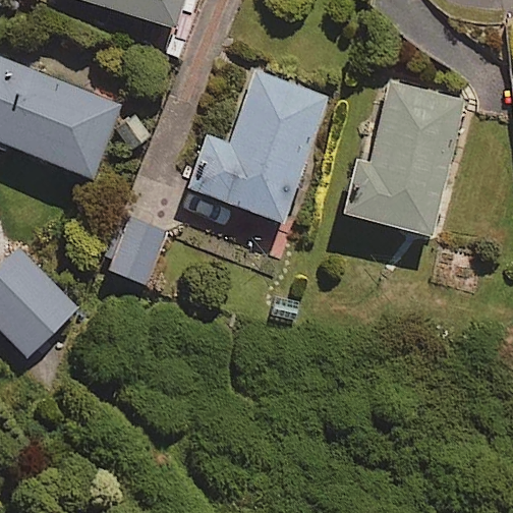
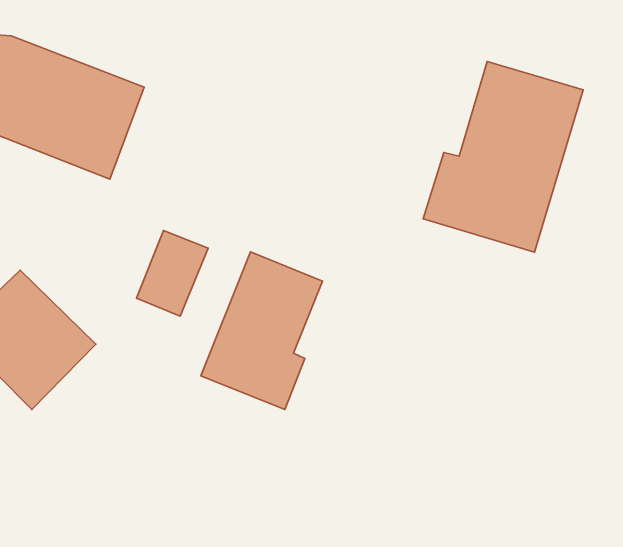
building: [188,72,328,220] -> none
building: none -> [201,252,323,409]

